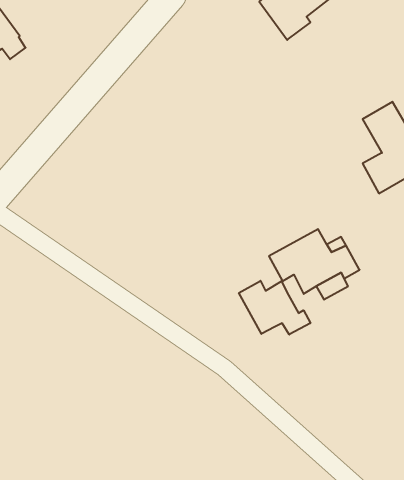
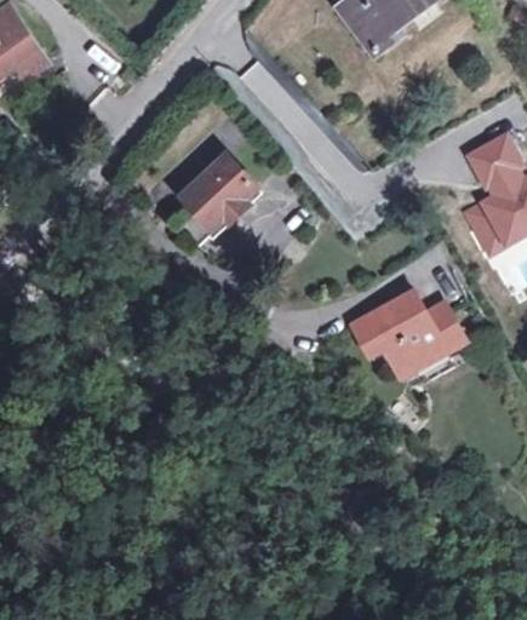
building: none -> [179,157,256,245]
building: [239,281,310,335] -> none

